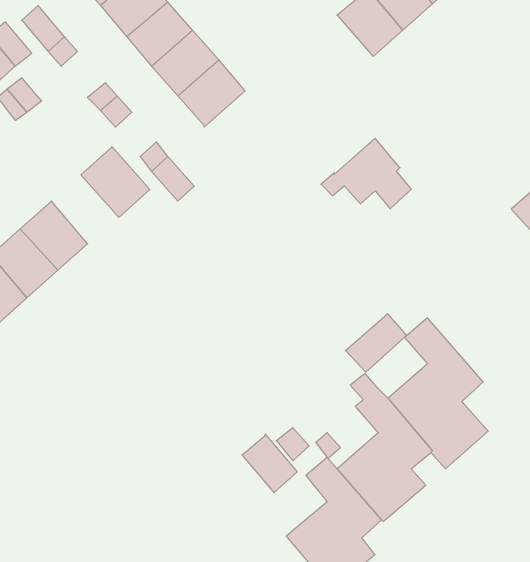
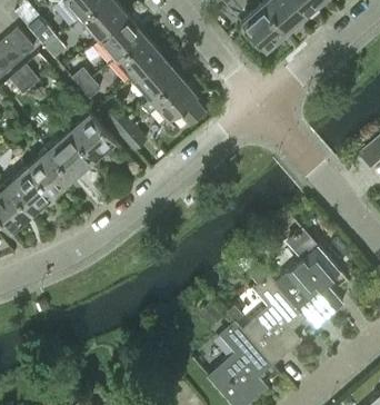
building: [321,138,411,209] -> [142,75,203,122]
building: none -> [48,131,93,178]
building: [345,314,406,372] -> none
building: [242,434,297,493] -> none

